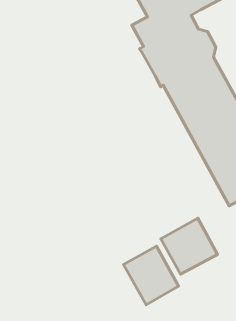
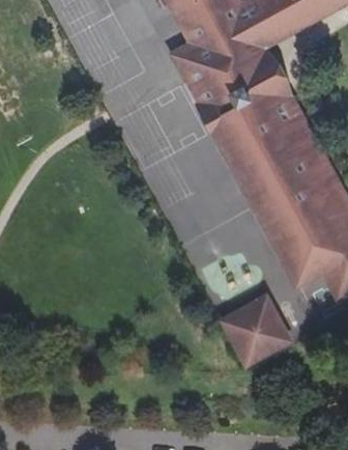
building: [124,246,179,305] -> none

